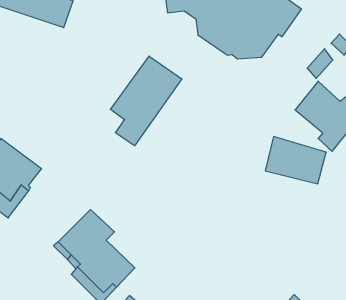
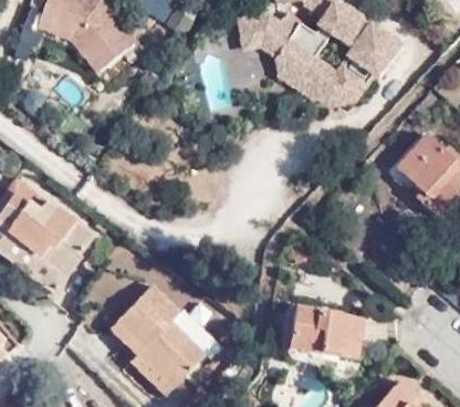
building: [110,56,182,146] -> none
building: [265,137,326,184] -> [283,298,356,354]

